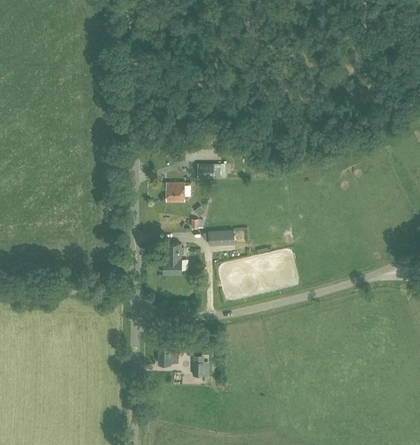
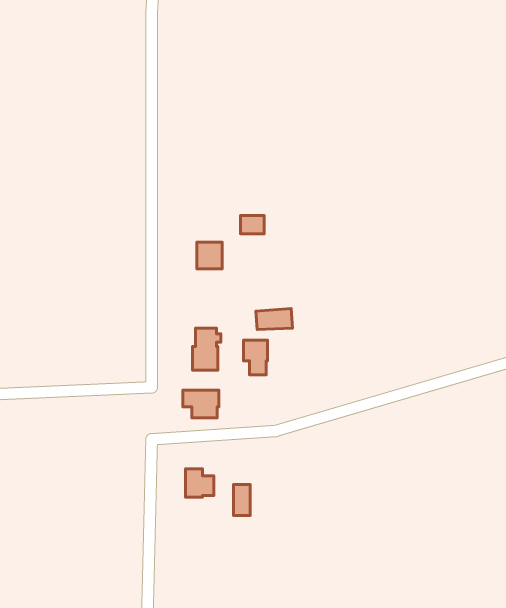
building: none -> [243,340,267,375]
building: none -> [183,390,219,418]

